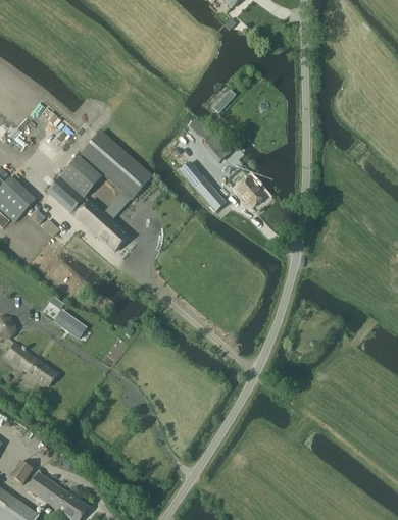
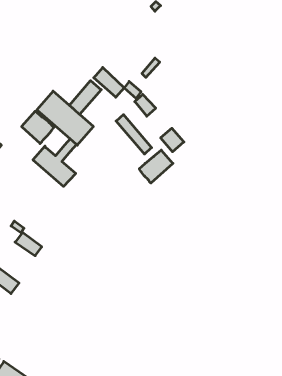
building: none -> [94,67,124,97]
building: none -> [70,81,101,114]
building: [46,174,84,211] -> none
building: none -> [139,150,173,183]

